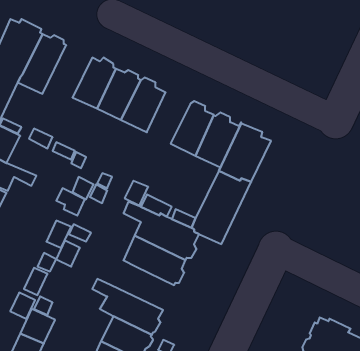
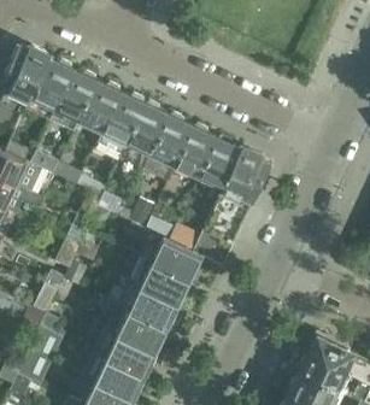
building: none -> [49,71,98,130]
building: none -> [145,115,193,178]
building: none -> [116,280,177,328]

